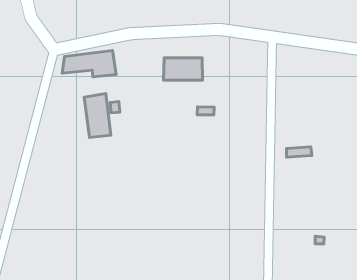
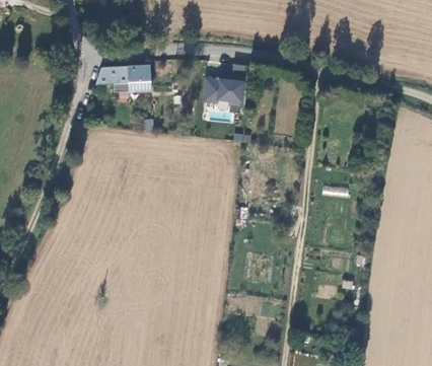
building: [84,94,111,137] -> none

